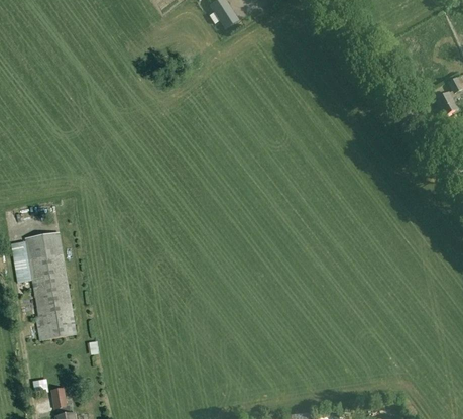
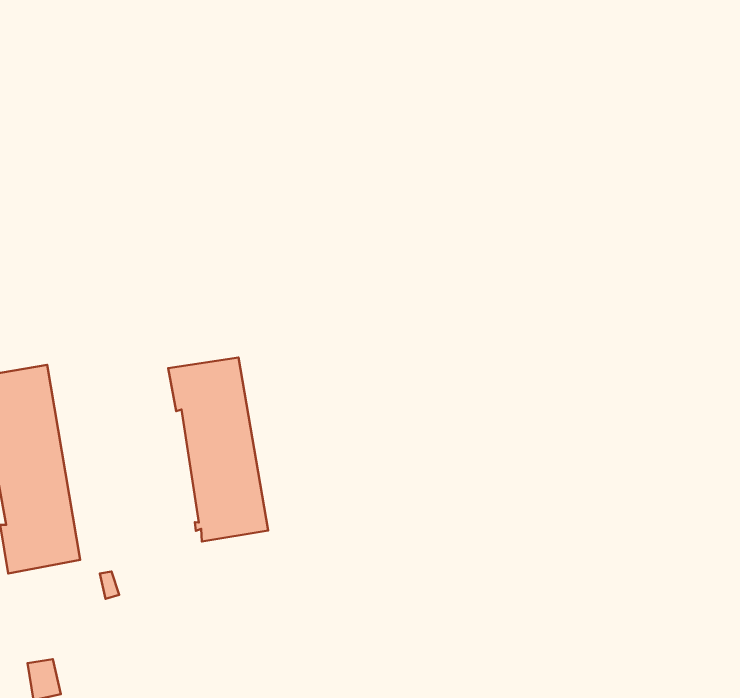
building: none -> [168,357,268,542]

